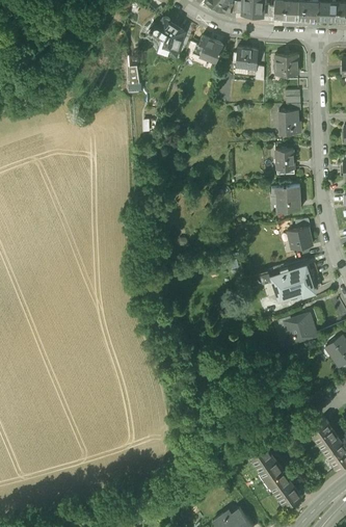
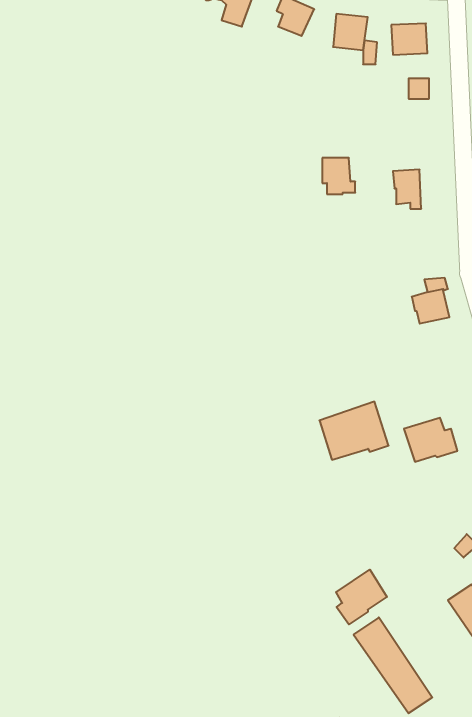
building: [278,109,300,133] -> [322,158,355,194]
building: [271,188,300,214] -> none
building: [268,265,314,304] -> [319,402,389,460]
building: none -> [336,570,387,624]

